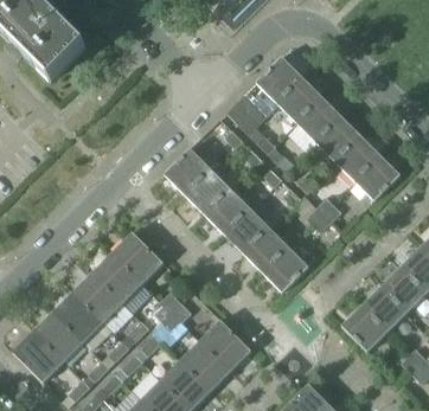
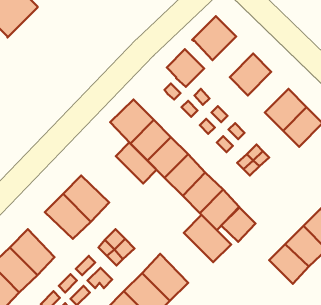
building: [278,79,324,134] -> none
building: [318,118,363,163] -> none
building: none -> [116,142,157,183]
building: none -> [221,207,256,242]
building: [73,274,123,323] -> none
building: none -> [184,215,231,262]

